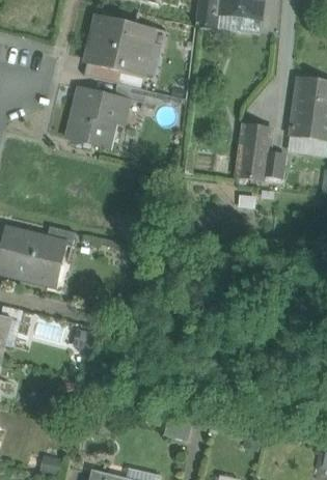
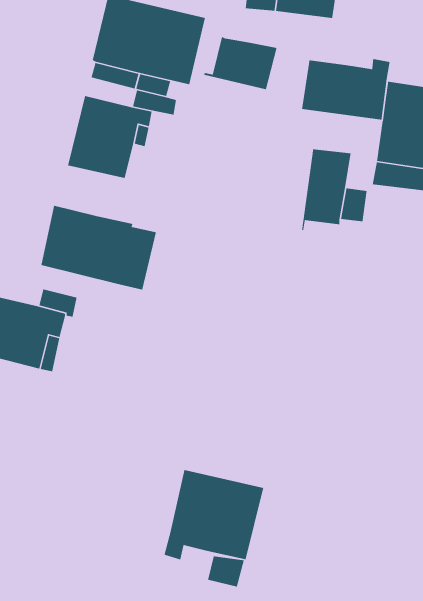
building: none -> [203,36,277,90]
building: none -> [301,58,390,120]
building: none -> [40,205,157,290]
building: none -> [164,469,264,560]

